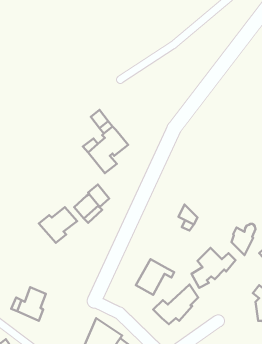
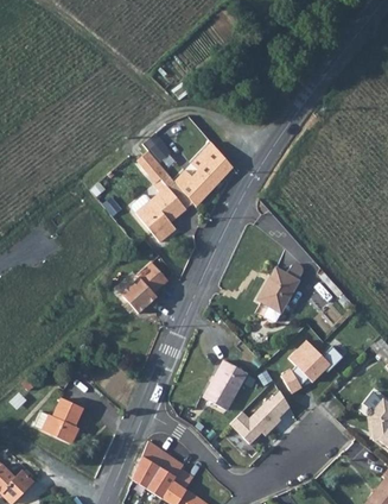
building: none -> [176,143,234,207]
building: [39,207,77,243] -> none
building: [231,224,256,255] -> [269,259,303,302]

